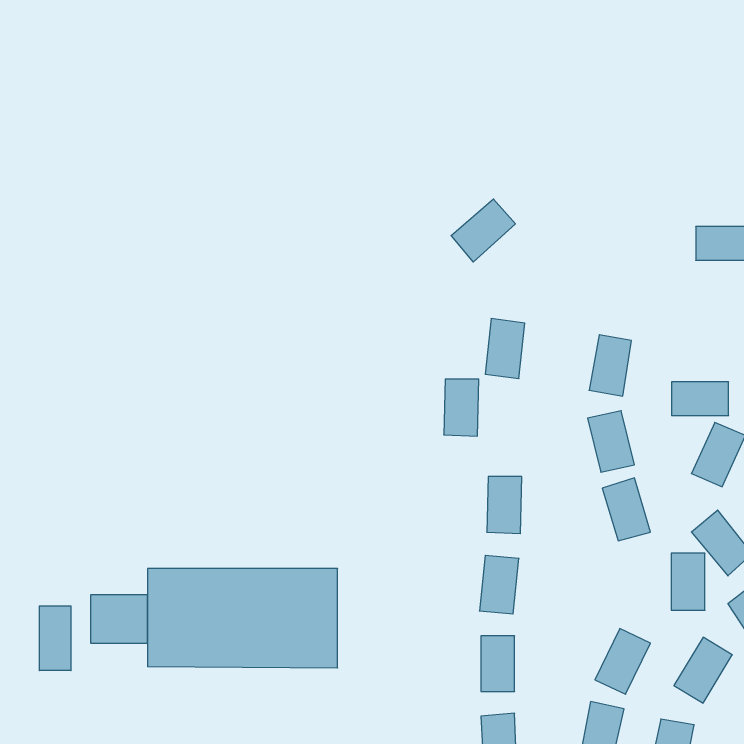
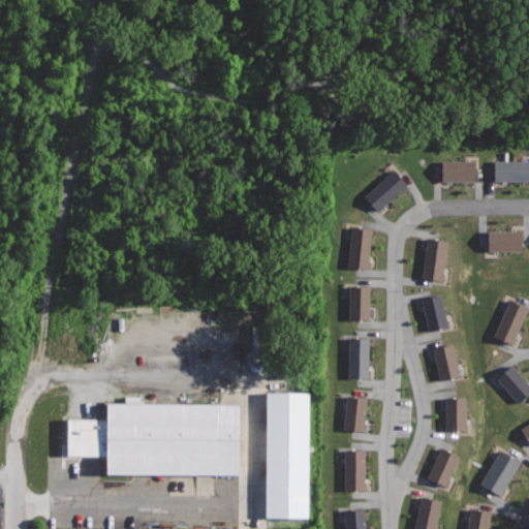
building: [451,199,515,262] -> [363,169,408,214]
building: none -> [438,161,477,185]
building: [444,379,479,436] -> [347,284,372,324]
building: [672,382,729,416] -> [484,230,524,254]
building: none -> [267,393,313,520]
building: [671,553,705,610] -> [444,397,468,437]
building: [39,606,71,671] -> none

